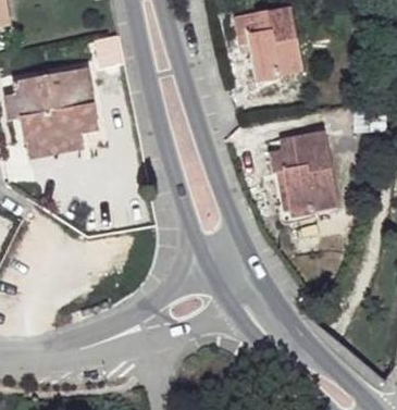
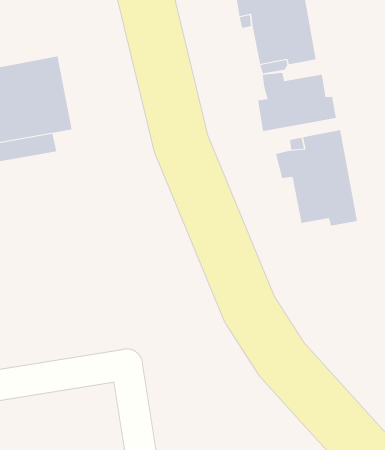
building: none -> [257,72,336,132]

